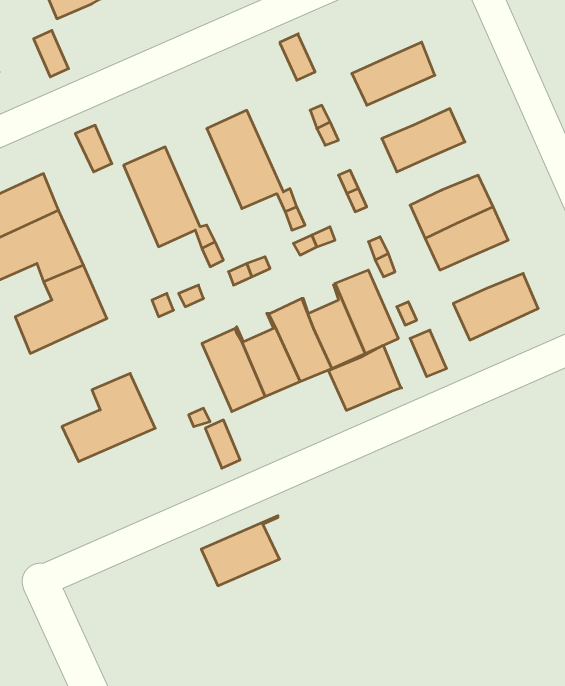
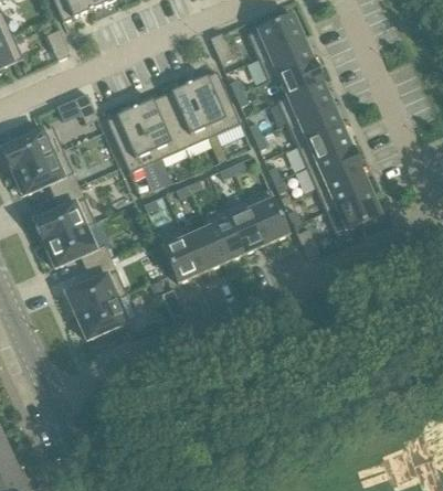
building: none -> [247,13,304,57]
building: none -> [267,58,323,100]
building: none -> [188,70,240,136]
building: none -> [134,94,184,159]
building: none -> [287,103,341,145]
building: none -> [316,168,371,210]
building: none -> [44,220,110,267]
building: [329,345,402,410] -> none
building: [201,516,280,586] -> [76,292,128,339]

